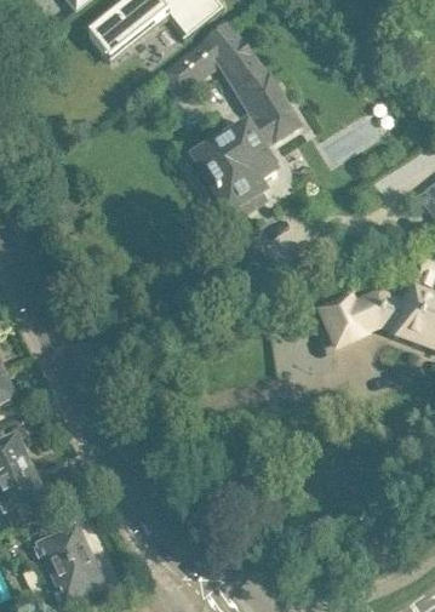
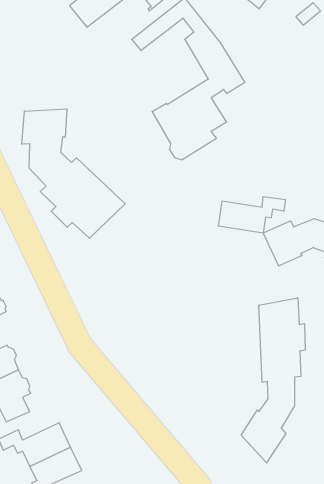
building: none -> [22,109,125,238]
building: none -> [218,197,285,233]
building: none -> [241,298,305,463]

